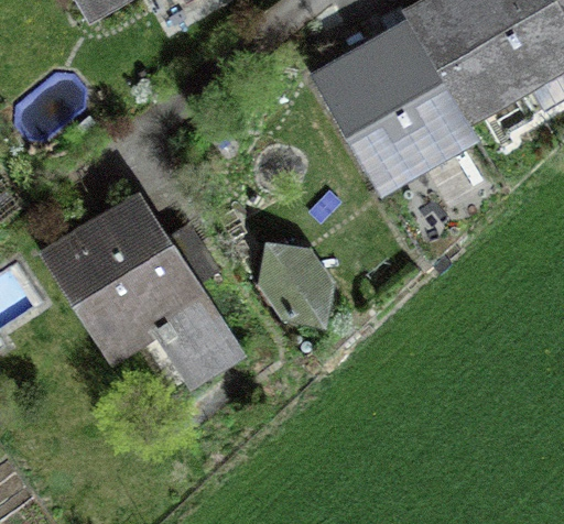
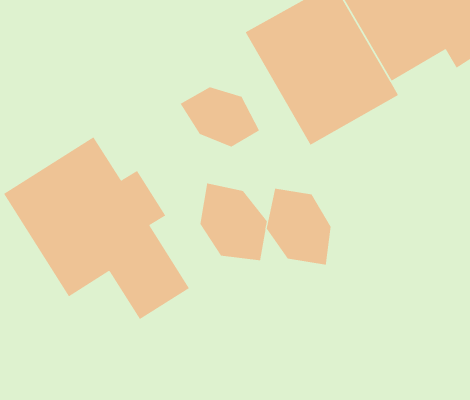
building: none -> [180,86,260,147]
building: none -> [266,188,331,266]

